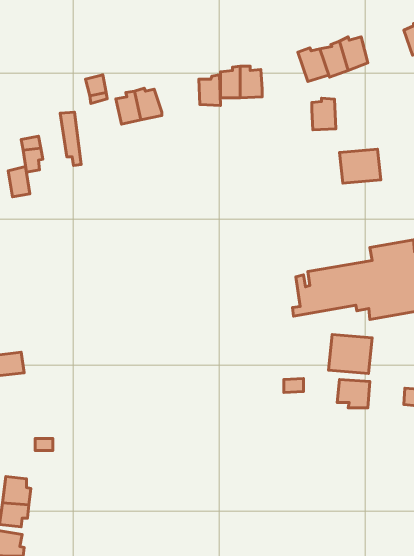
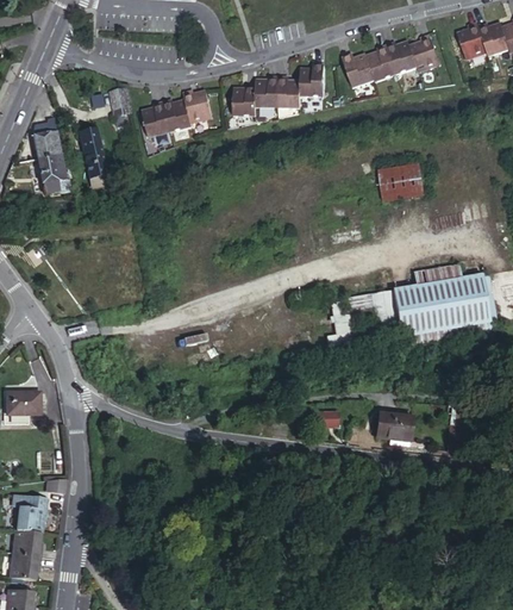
building: none -> [408,33,438,74]
building: none -> [179,87,211,123]
building: [312,98,336,130] -> [298,63,324,98]
building: [8,166,30,197] -> [31,119,55,152]
building: [328,334,372,374] -> none
building: none -> [19,496,49,523]

